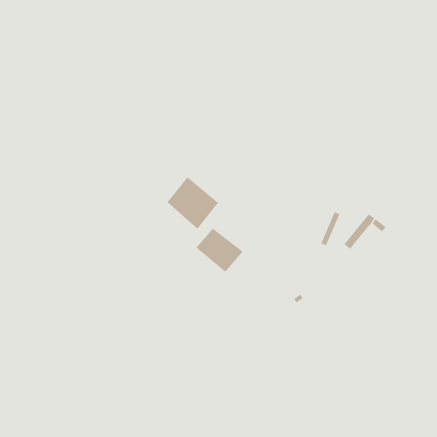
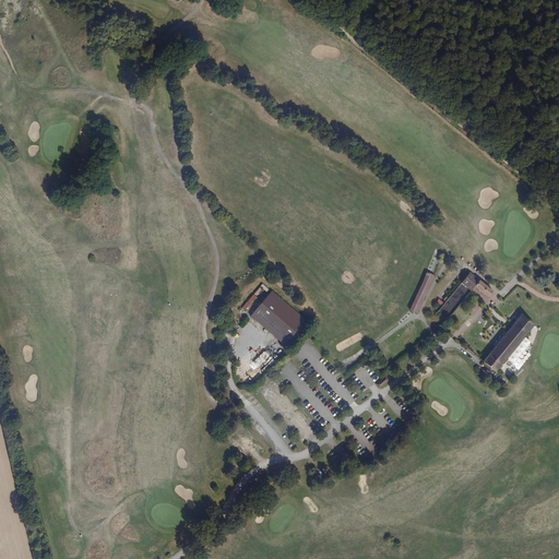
building: [167,176,219,229] -> none
building: none -> [483,313,535,371]

